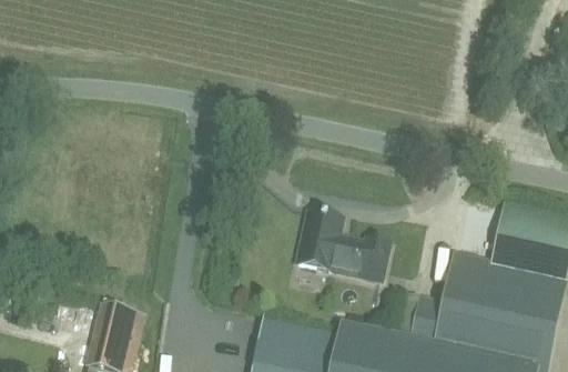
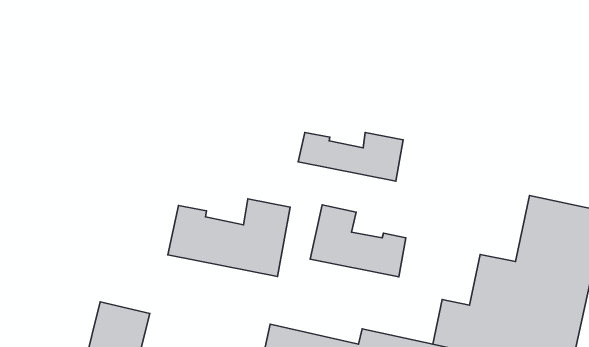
building: none -> [298,132,403,181]
building: none -> [168,199,290,277]

